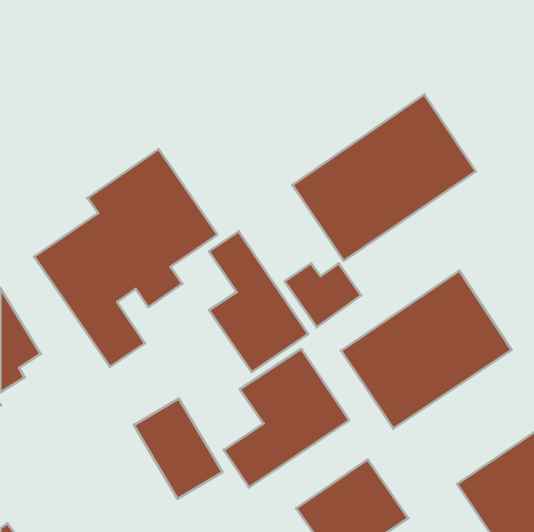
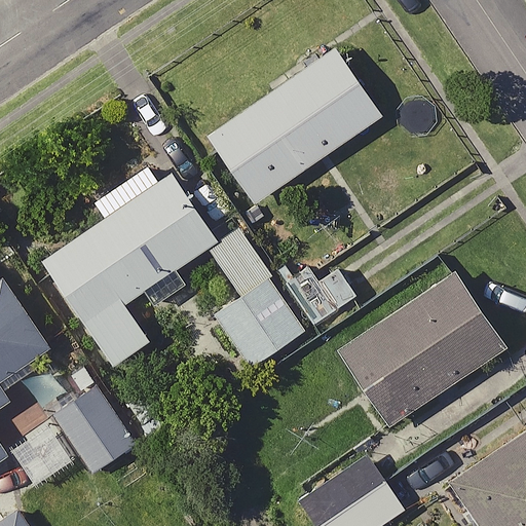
building: [292,94,476,261] -> [205,45,382,205]
building: [224,349,349,487] -> none
building: [134,399,222,499] -> [50,383,136,480]

